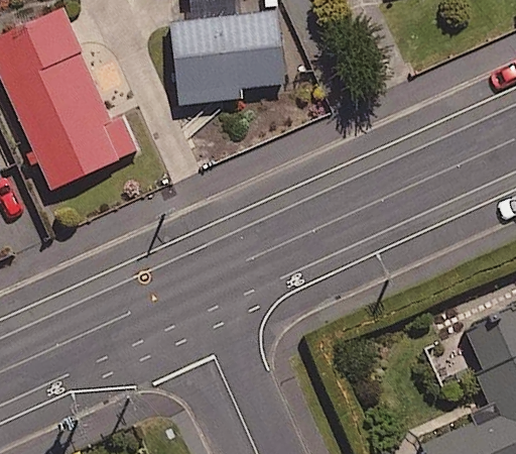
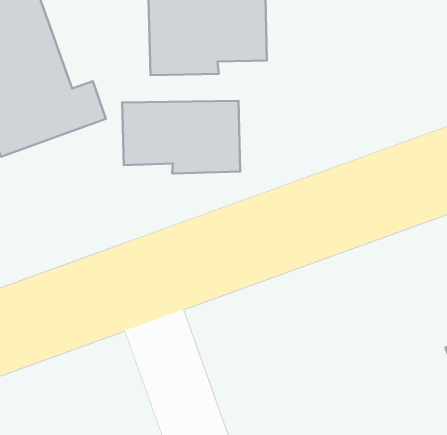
building: none -> [122,101,240,173]

